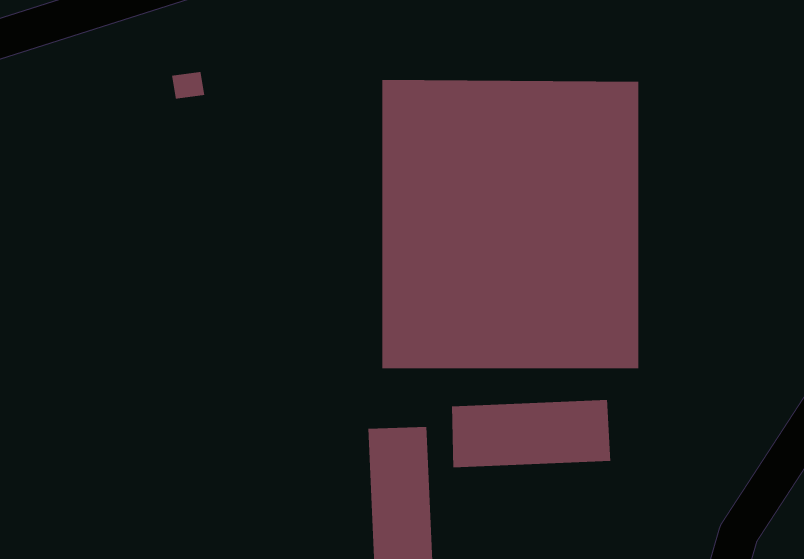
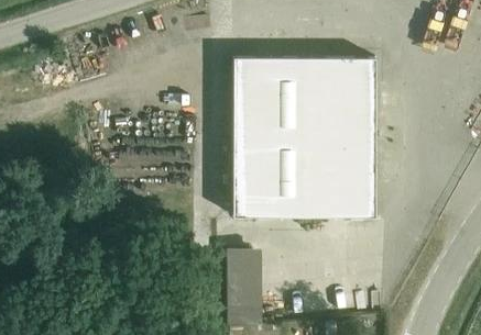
building: [452,399,611,468] -> none

